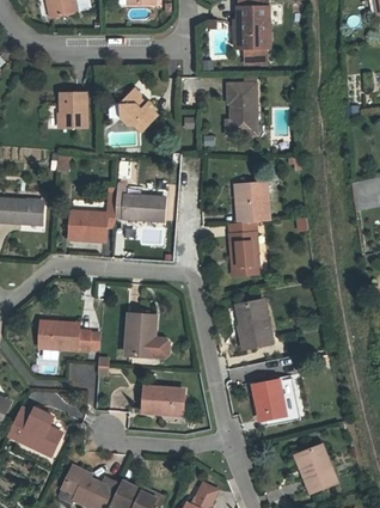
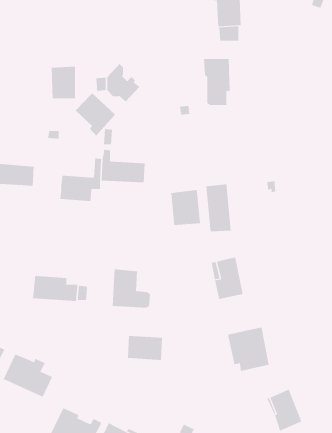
building: none -> [75,92,116,136]
building: [235,182,269,221] -> [170,190,201,226]

